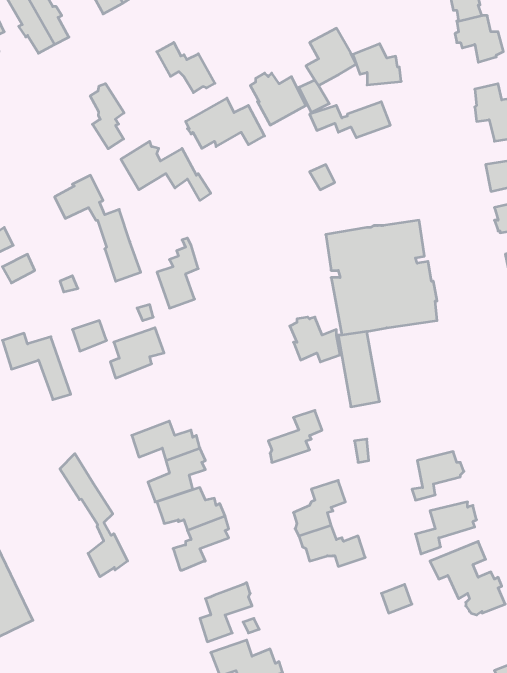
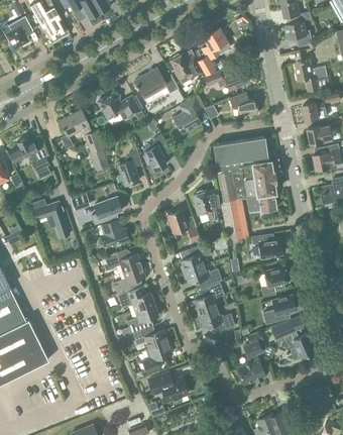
building: [157,42,215,93] -> none
building: [353,44,401,85] -> [230,93,257,116]
building: [90,84,124,149] -> none
building: none -> [173,97,202,133]
building: none -> [143,135,168,172]
building: none -> [247,193,275,212]
building: none -> [167,210,200,241]
building: none -> [101,219,128,247]
building: none -> [252,234,284,259]
building: none -> [183,265,222,287]
building: [60,454,128,577] -> none
building: none -> [132,328,168,348]
building: none -> [237,359,264,385]

